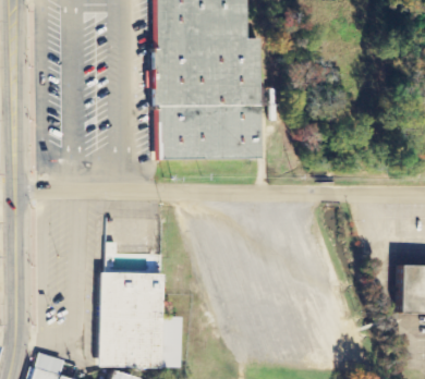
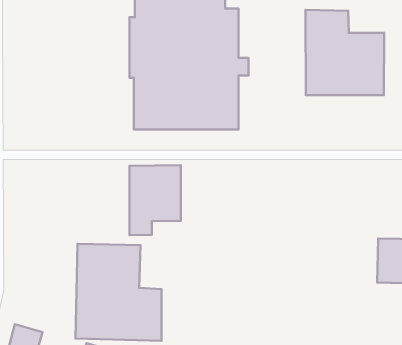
building: none -> [306,10,384,95]
building: none -> [129,165,181,235]

